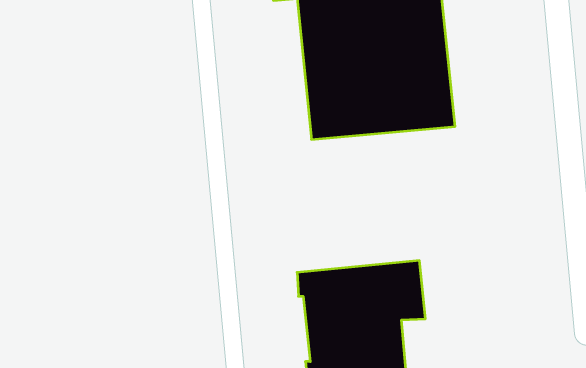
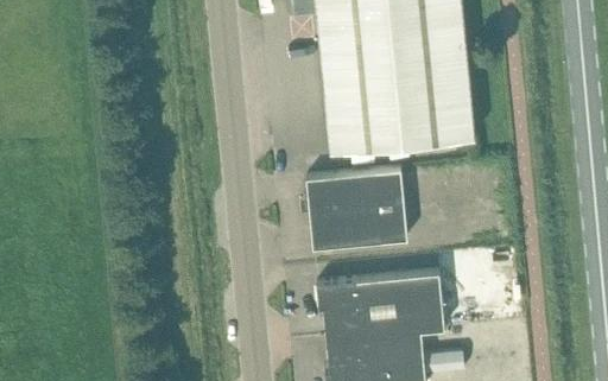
building: none -> [305,170,407,249]

